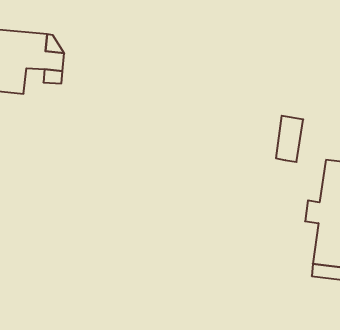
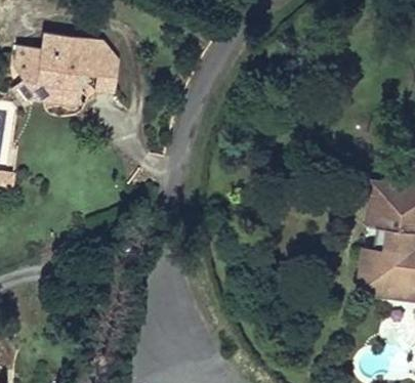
building: [276,116,303,162] -> [367,170,397,220]
building: none -> [359,240,388,287]

